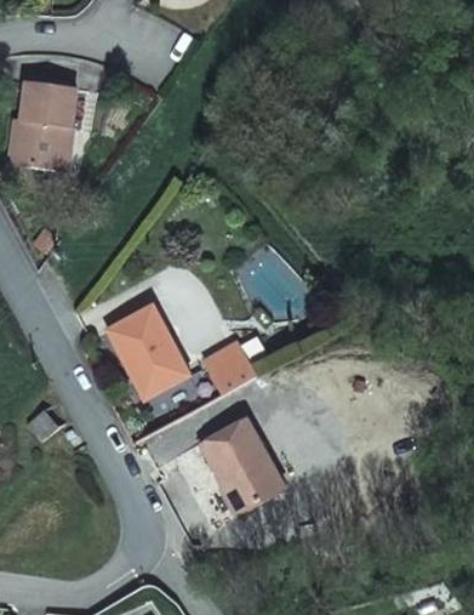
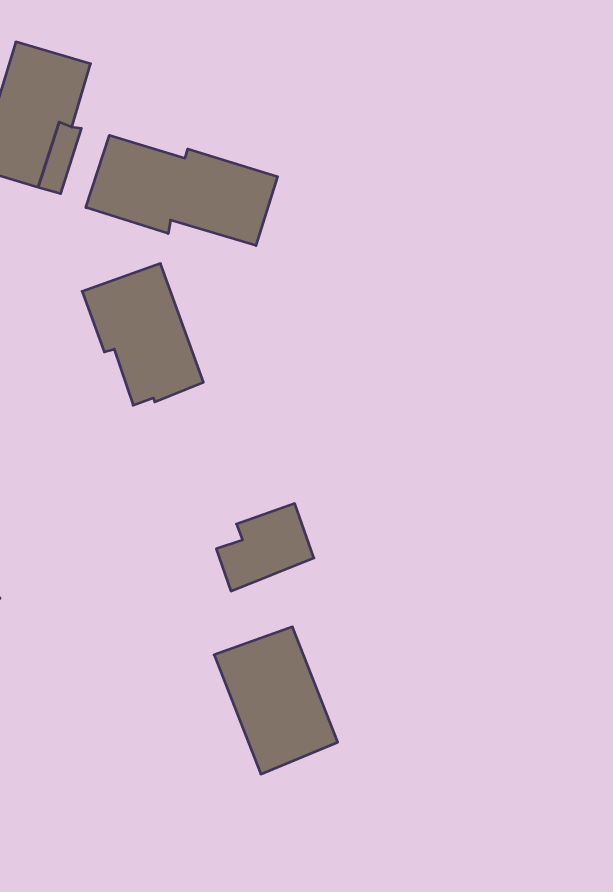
building: none -> [86,135,278,246]
building: [107,301,189,392] -> [82,264,203,405]

